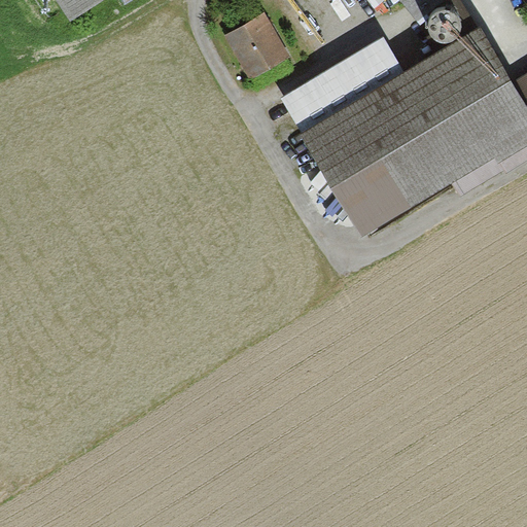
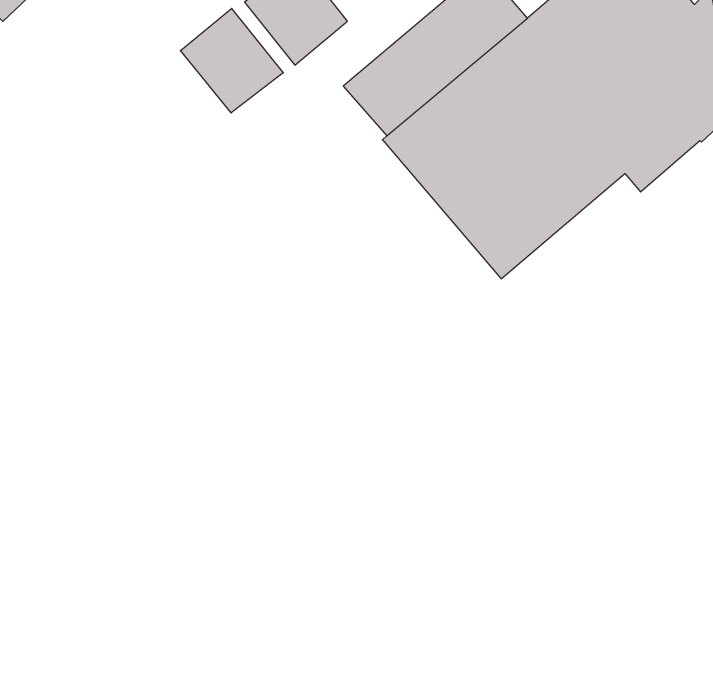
building: none -> [180,8,283,113]

